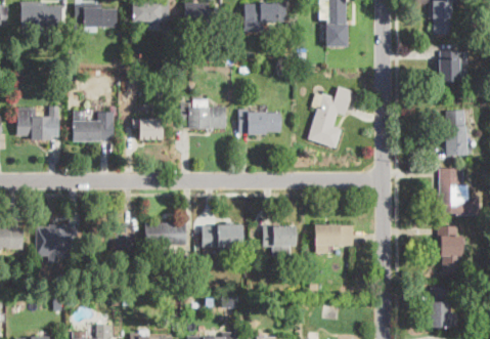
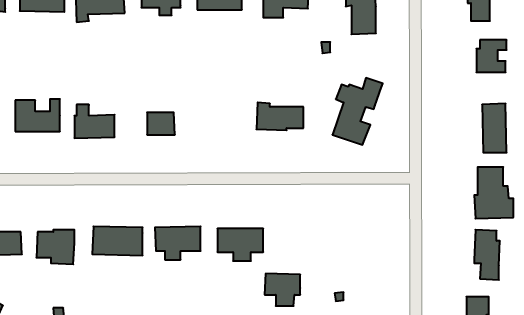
building: [180,102,225,128] -> none
building: [262,225,295,255] -> [265,274,300,306]
building: [314,225,353,253] -> none

